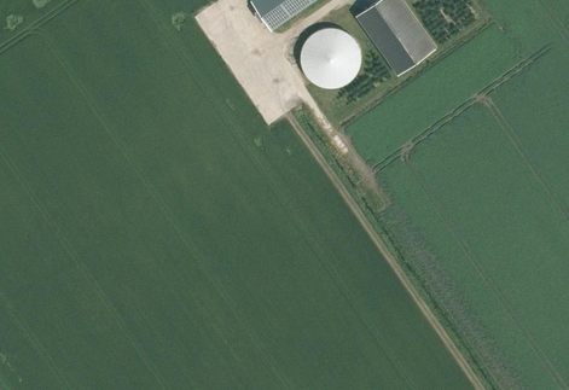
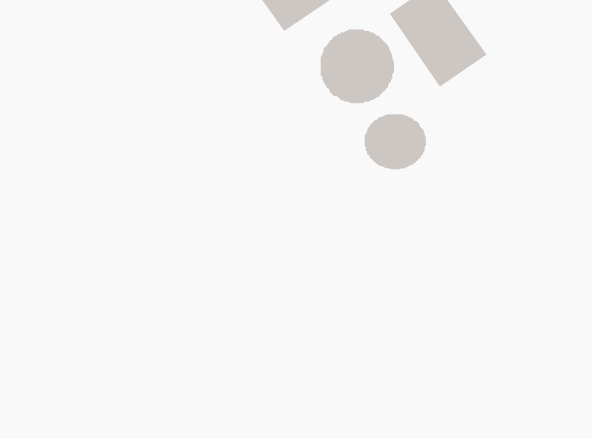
building: none -> [364,113,426,170]

